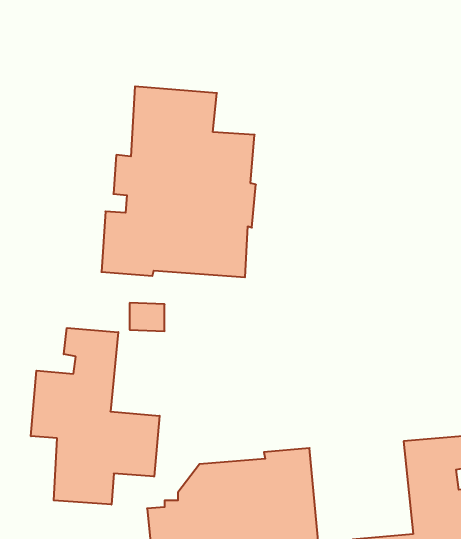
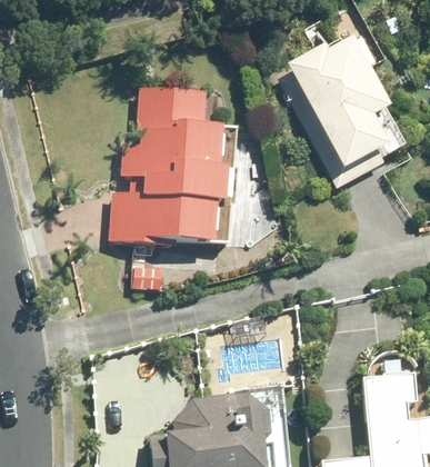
building: none -> [282,34,388,186]
building: [31,328,160,505] -> none

